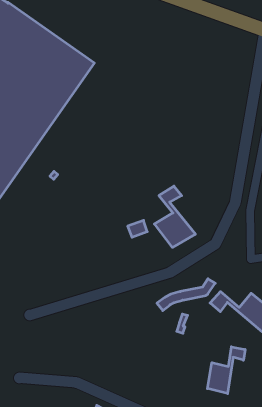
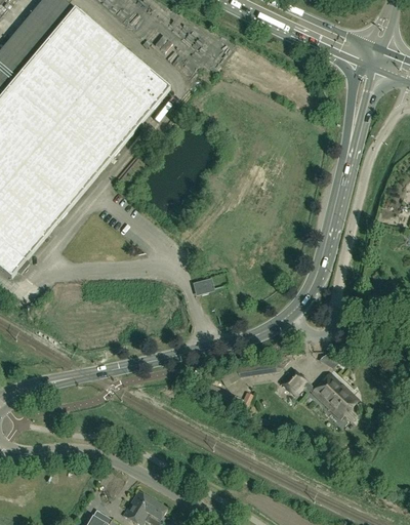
building: [154,186,195,247] -> none
building: [207,347,245,394] -> none

